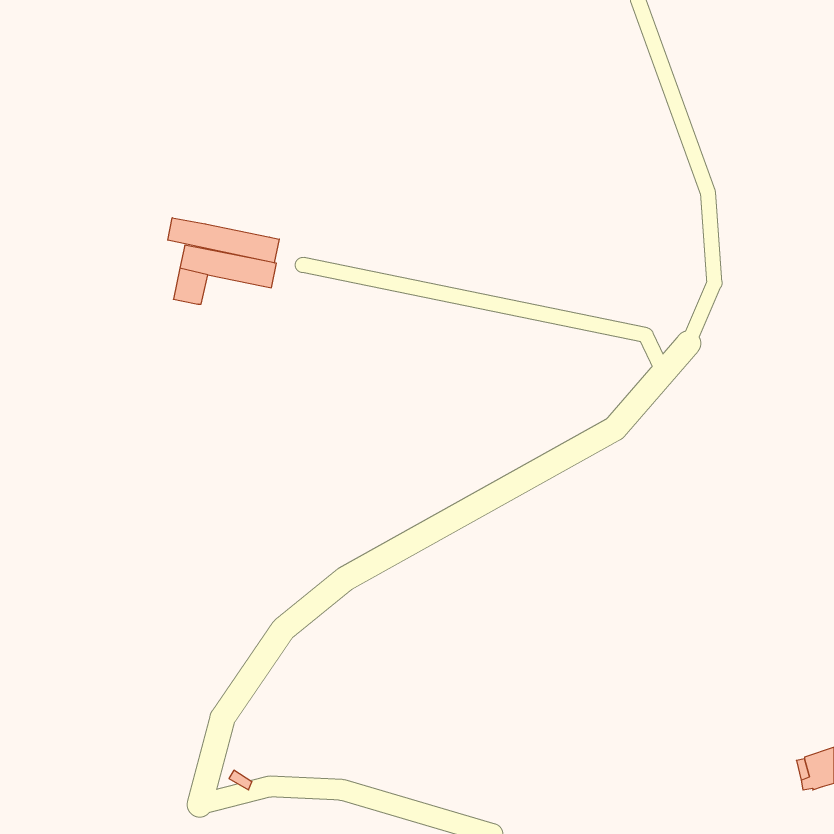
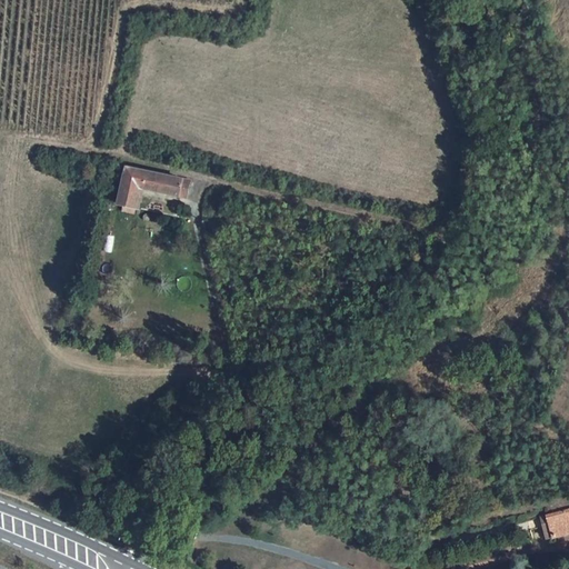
building: [168,218,279,263] -> none

